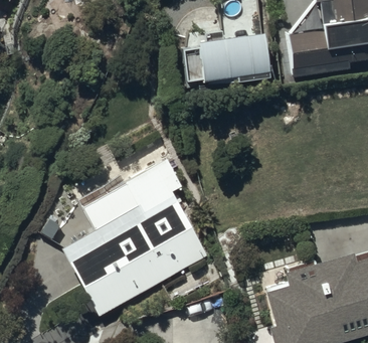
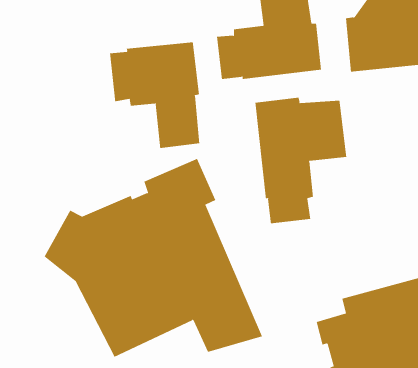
building: none -> [109,42,200,149]
building: none -> [255,97,347,224]

